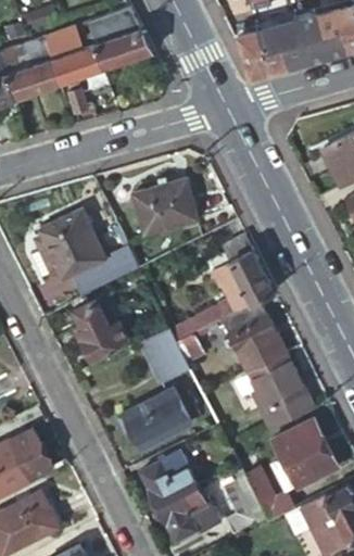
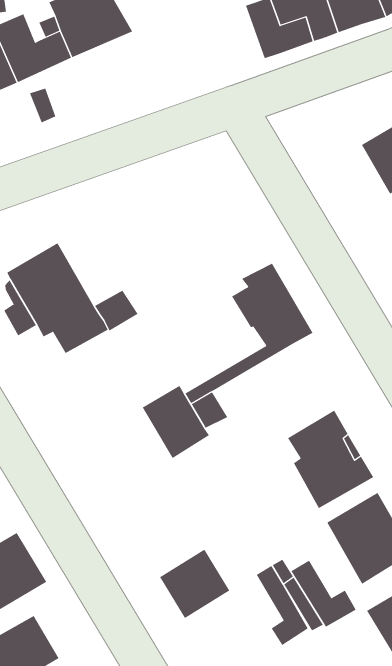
building: [134,178,197,233] -> none
building: [72,293,126,358] -> none
building: [220,300,286,372] -> none
building: [118,390,189,452] -> none
building: [159,488,220,540] -> none

